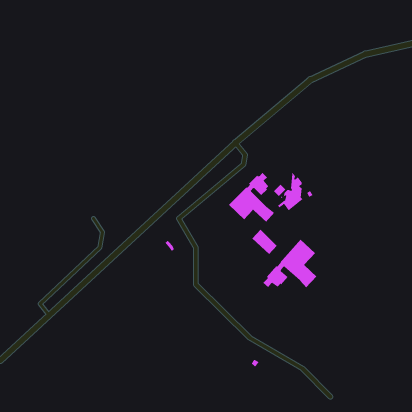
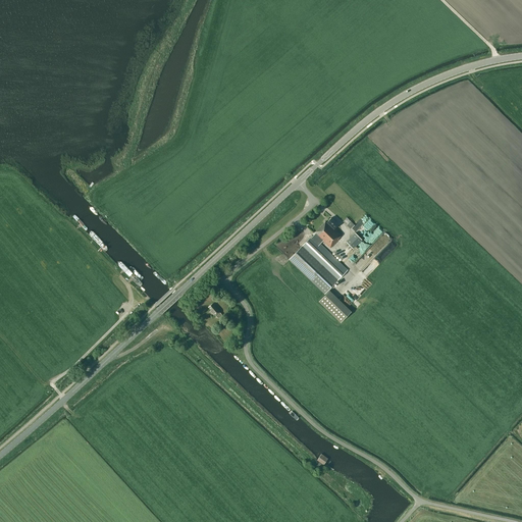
building: [262,239,317,288] -> none

